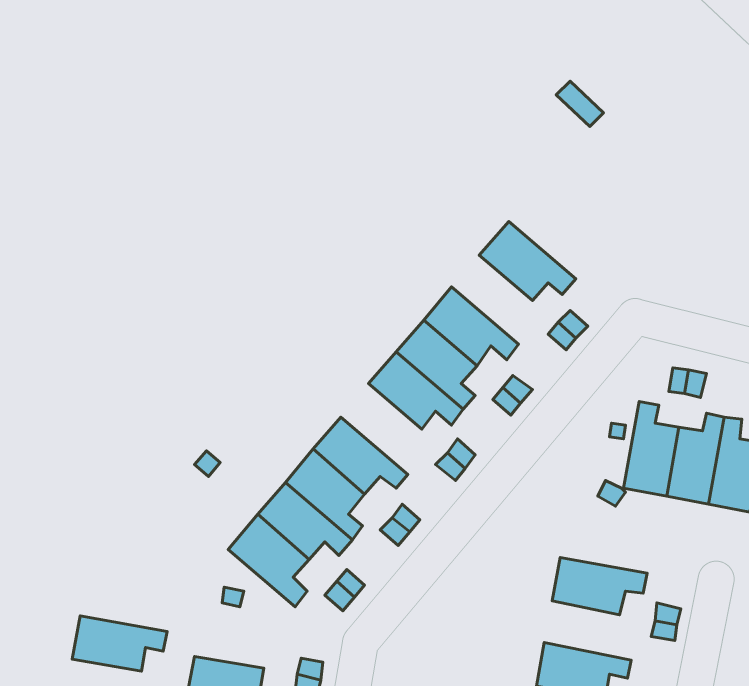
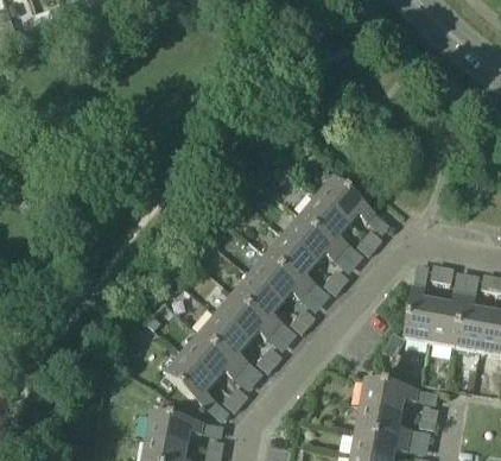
building: none -> [300,196,349,250]
building: none -> [234,273,283,328]
building: none -> [356,404,411,440]
building: [72,616,167,671] -> [146,411,203,444]

